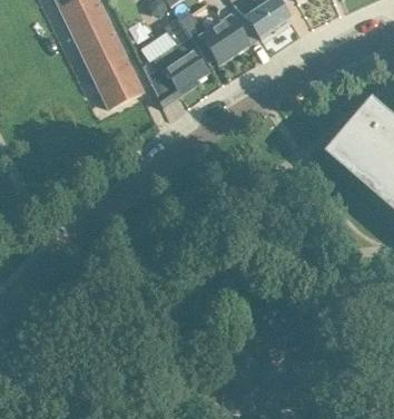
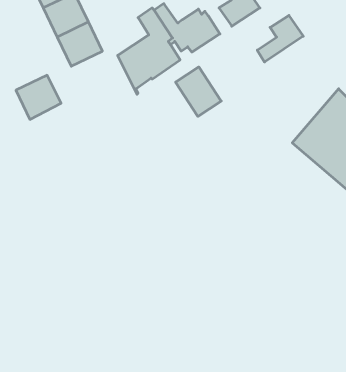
building: none -> [257,15,303,62]
building: [95,60,141,106] -> [16,75,61,119]
building: none -> [176,67,221,116]

